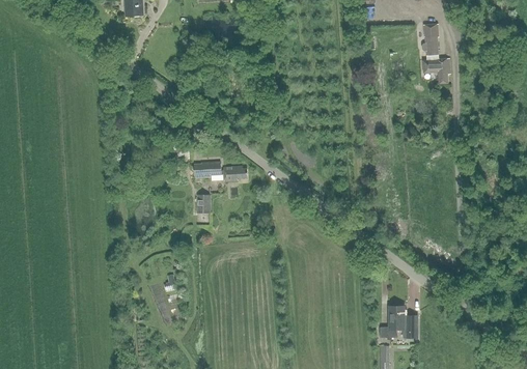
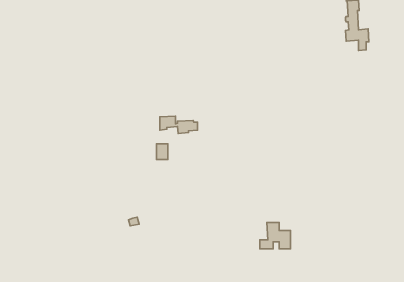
building: [381,306,417,337] -> [260,223,290,249]

